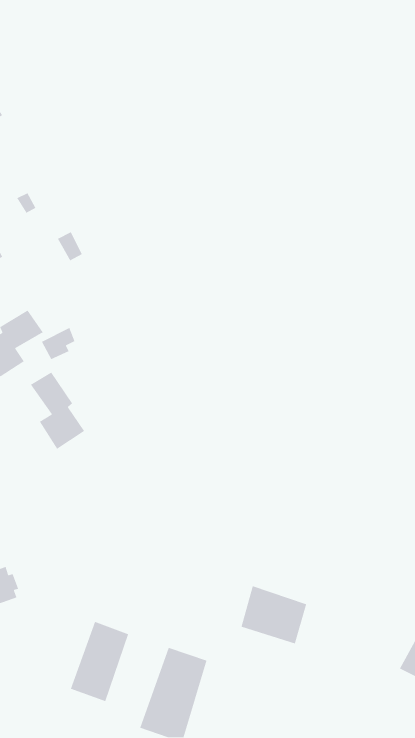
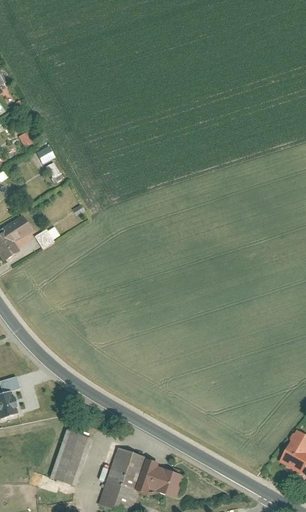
building: [30,371,85,450] -> none
building: [241,585,307,644] -> [140,462,186,503]

